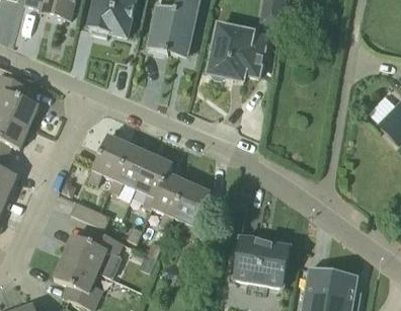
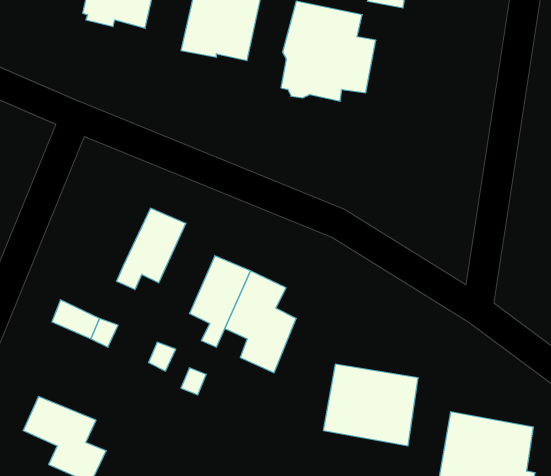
building: [88,134,130,182] -> none
building: [135,153,172,207] -> none
building: [63,233,123,270] -> none

